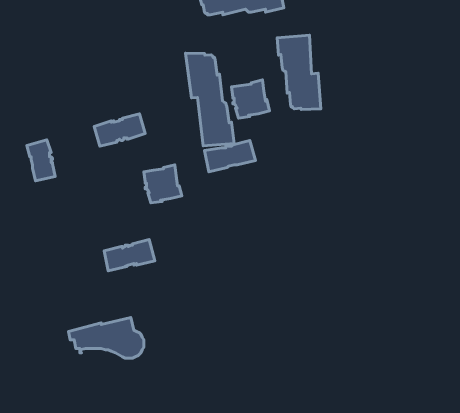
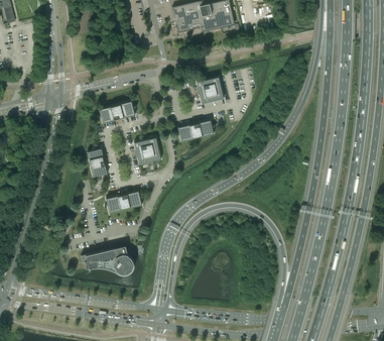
building: [277,35,321,109] -> none
building: [185,53,234,146] -> none
building: [27,140,55,181] -> [87,148,107,178]

